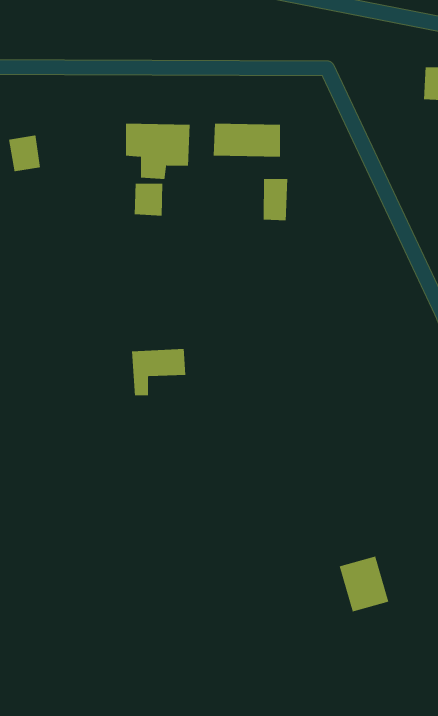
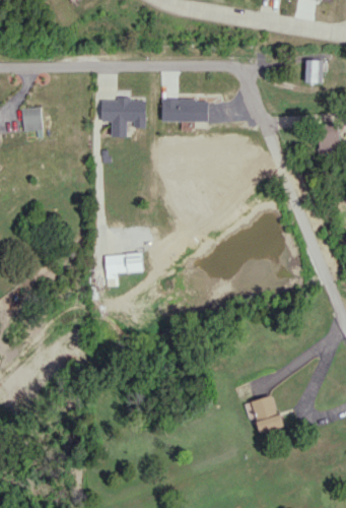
building: [263,178,288,221] -> none
building: [134,183,163,216] -> none

